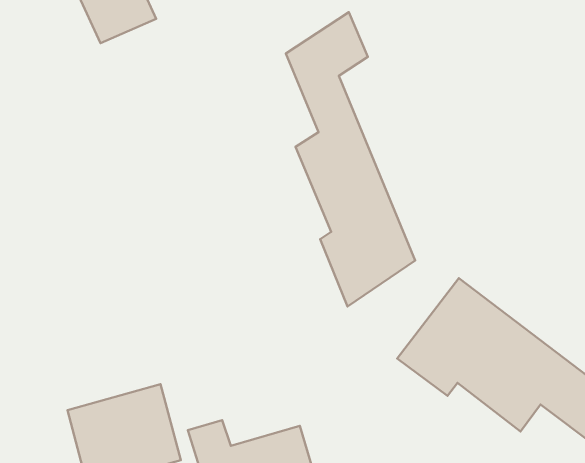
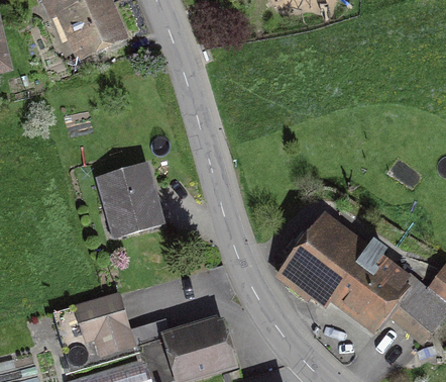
building: [286,12,415,306] -> none
building: none -> [101,168,156,232]

